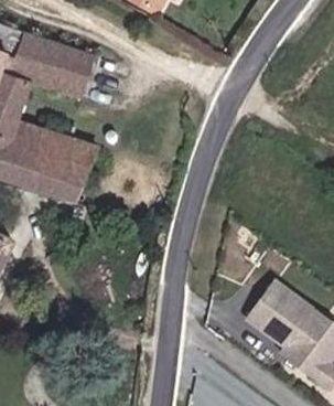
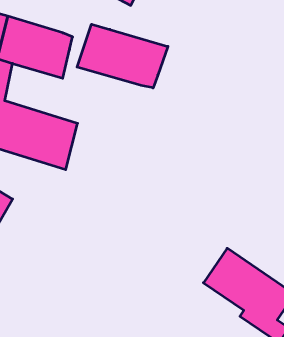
building: none -> [77,24,168,88]

